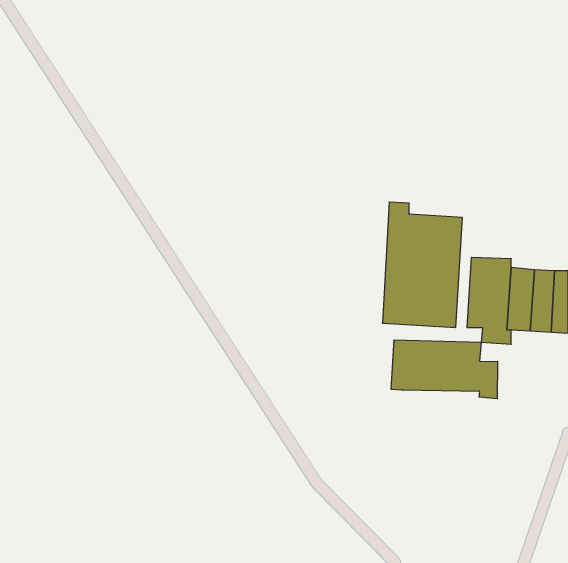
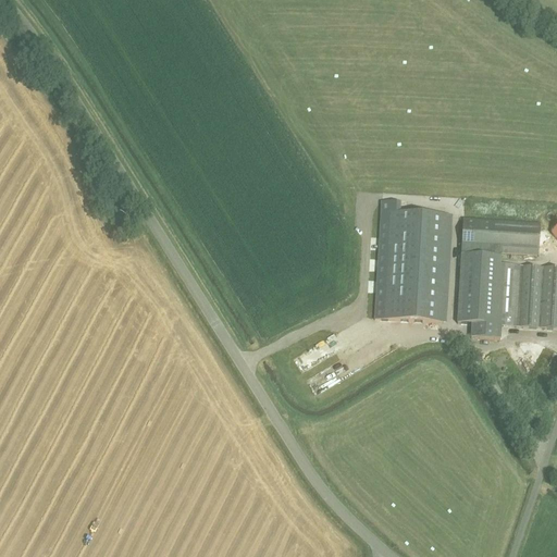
building: none -> [461,215,540,253]
building: [391,340,498,399] -> none

